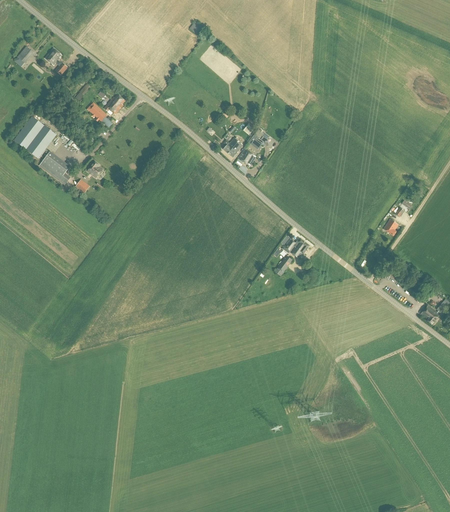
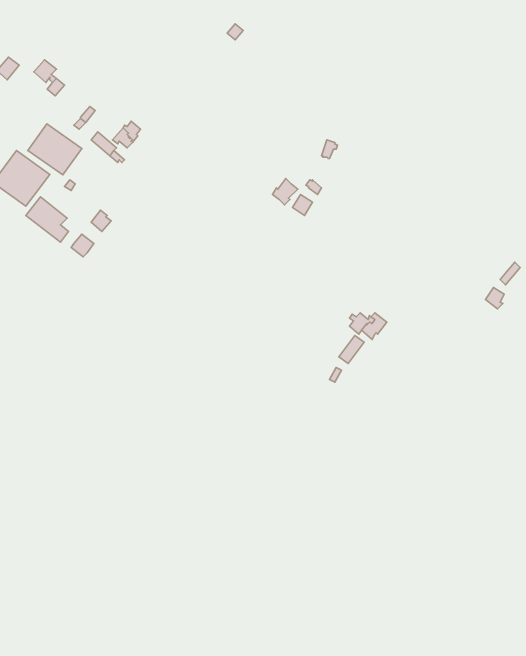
building: none -> [28,124,82,175]

